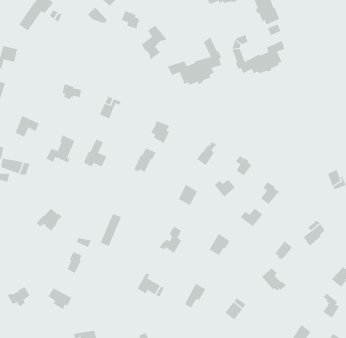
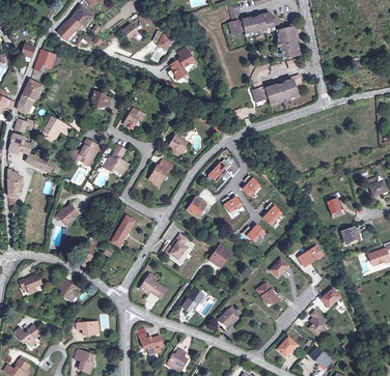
building: [167,36,222,85] -> none

